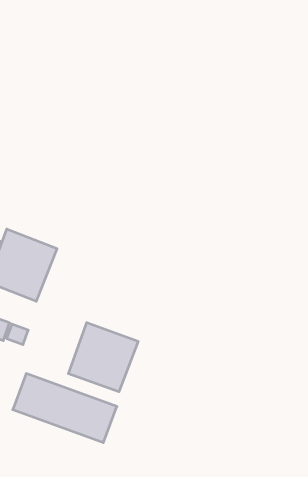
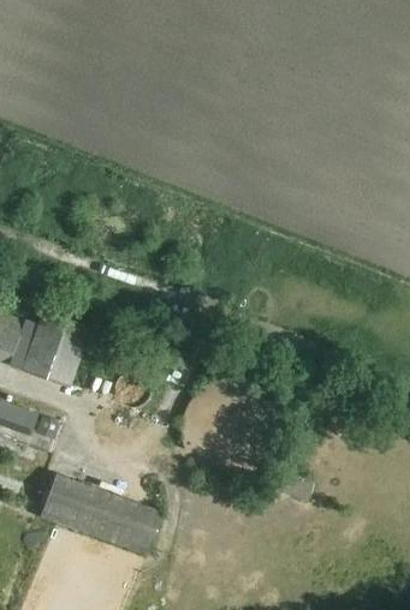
building: [68,323,138,392] -> none

